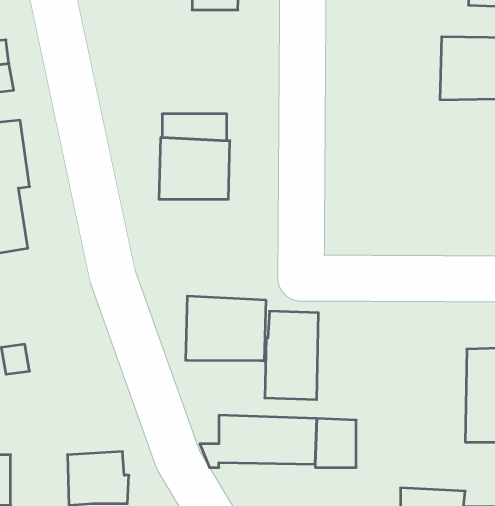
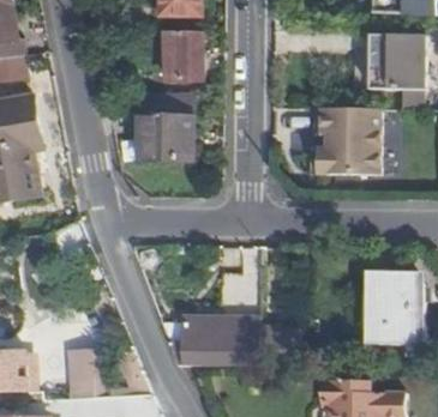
building: none -> [164,29,200,78]
building: none -> [318,102,385,174]
building: [186,296,266,361] -> none

